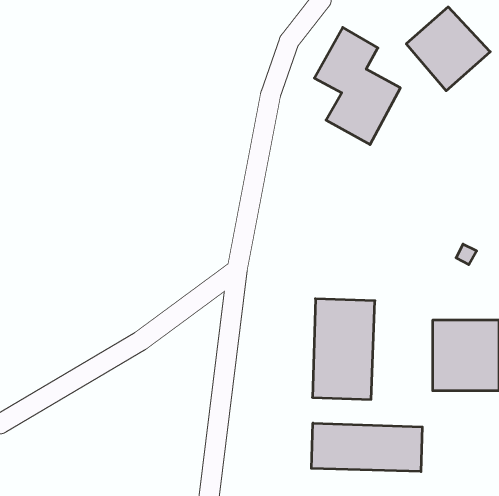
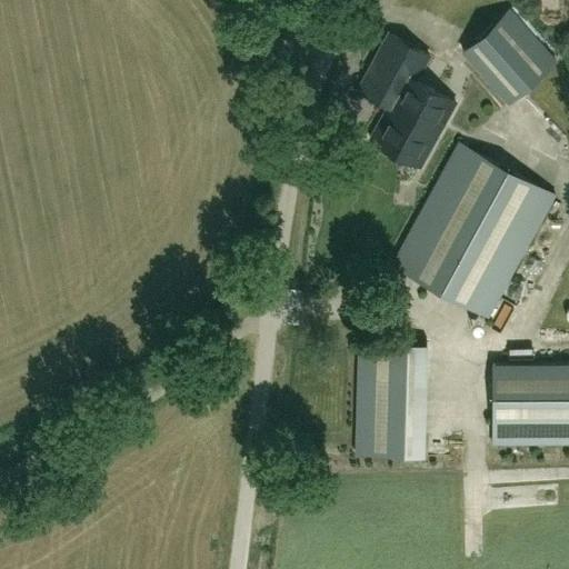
building: none -> [391,143,557,319]
building: [311,423,422,472] -> none

